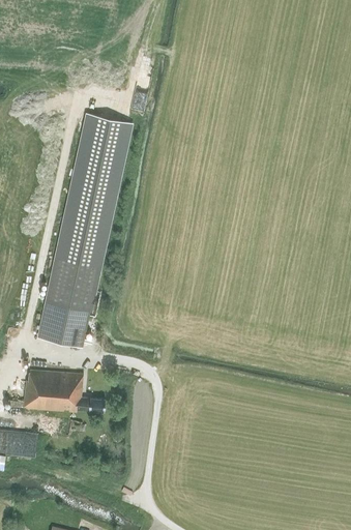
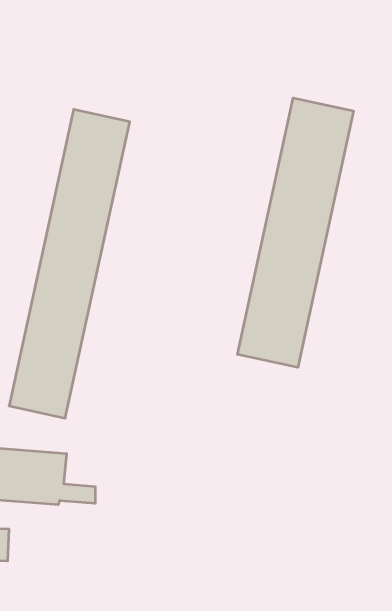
building: none -> [237,98,353,367]

